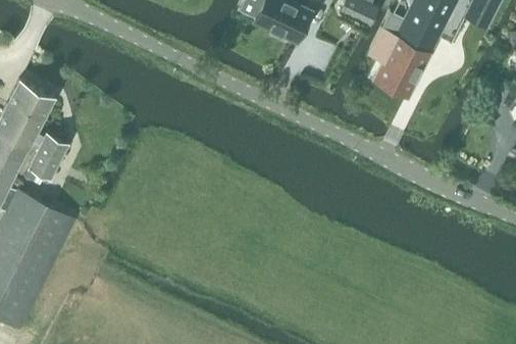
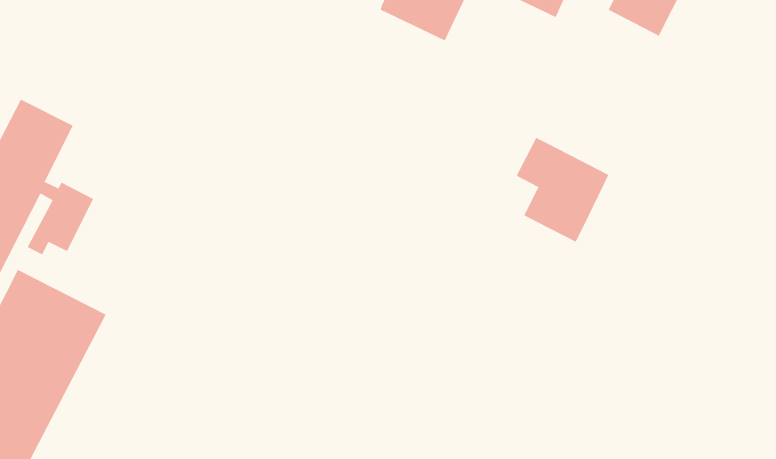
building: [368,29,429,97] -> [516,137,609,242]

